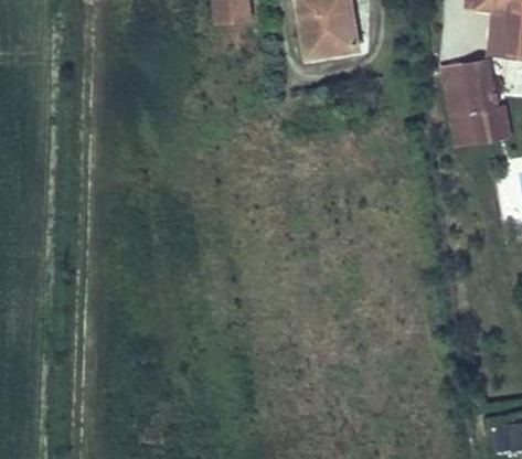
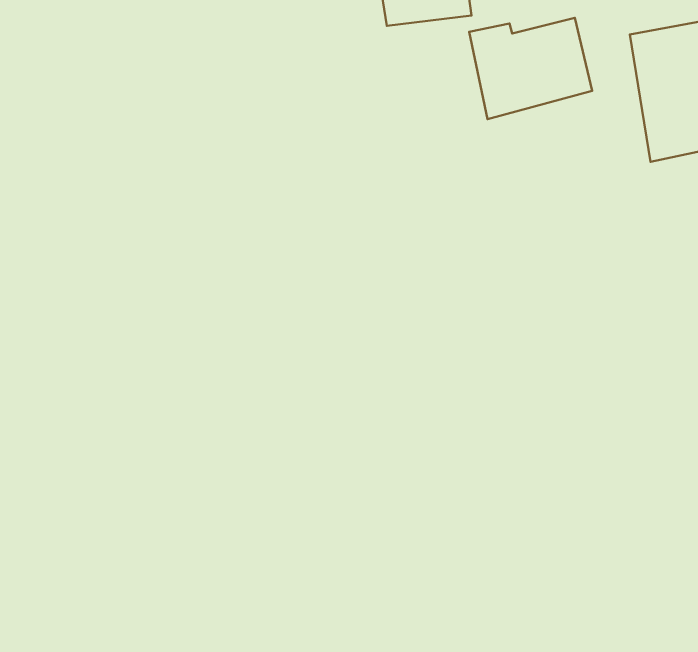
building: none -> [469,18,592,119]

